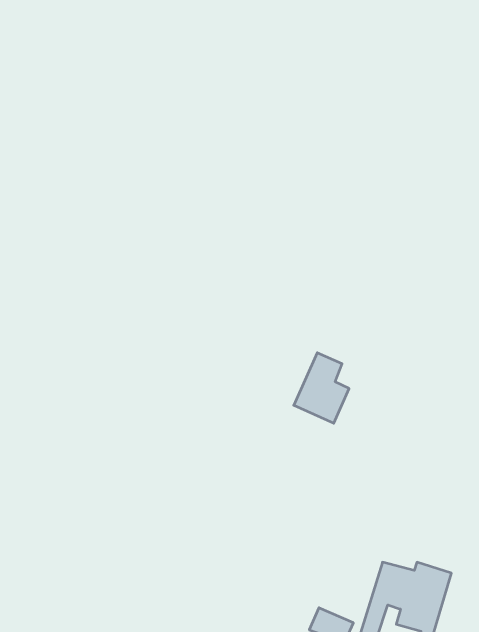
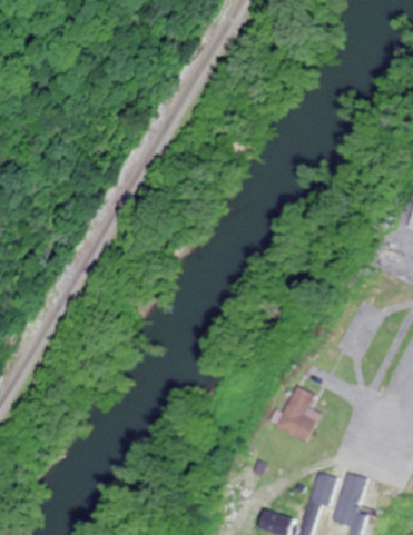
building: [294,353,349,423] -> [276,385,321,442]

